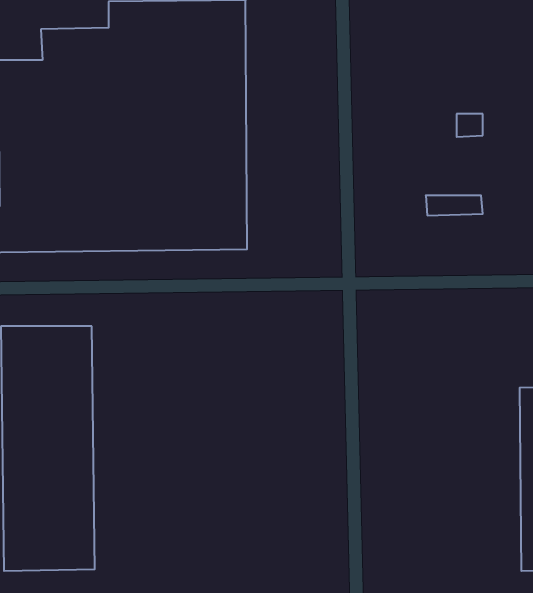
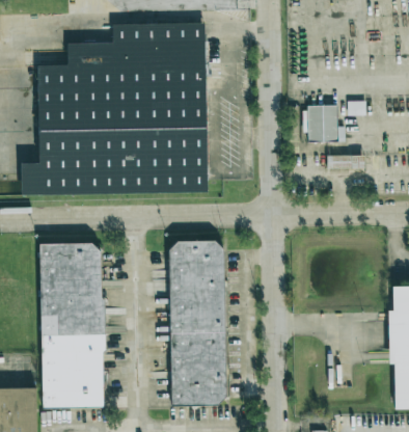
building: none -> [302,105,345,141]
building: none -> [170,240,226,406]

